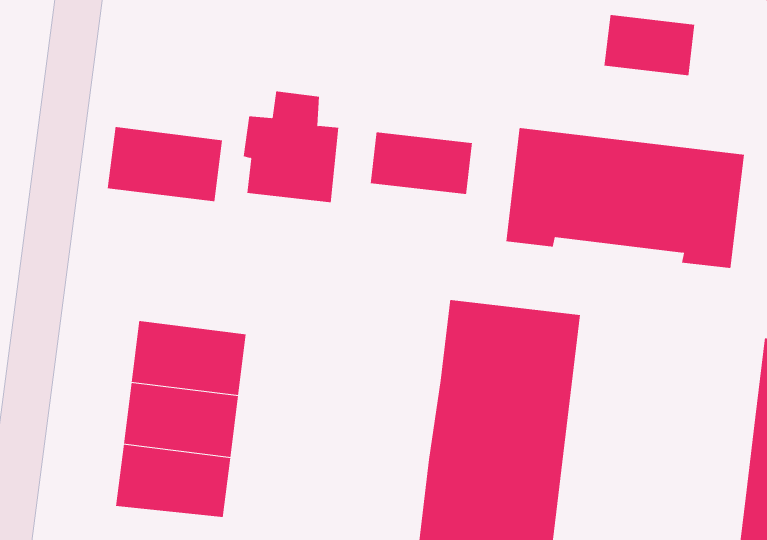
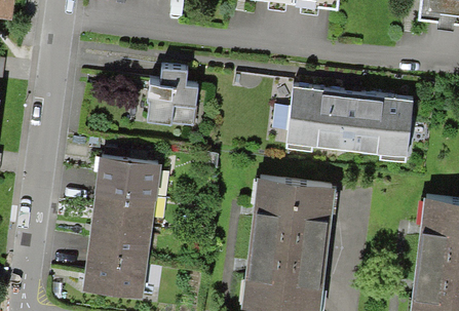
building: [604,14,695,76] -> none
building: [107,127,223,202] -> [93,155,155,195]
building: [370,131,473,195] -> none

